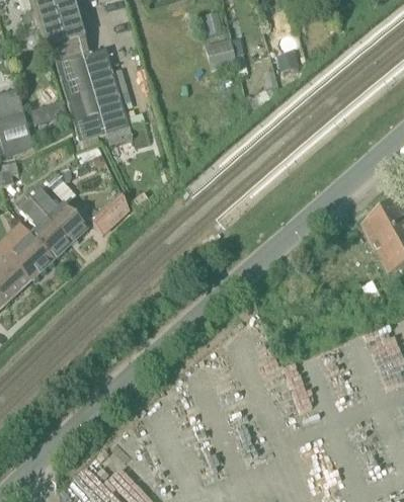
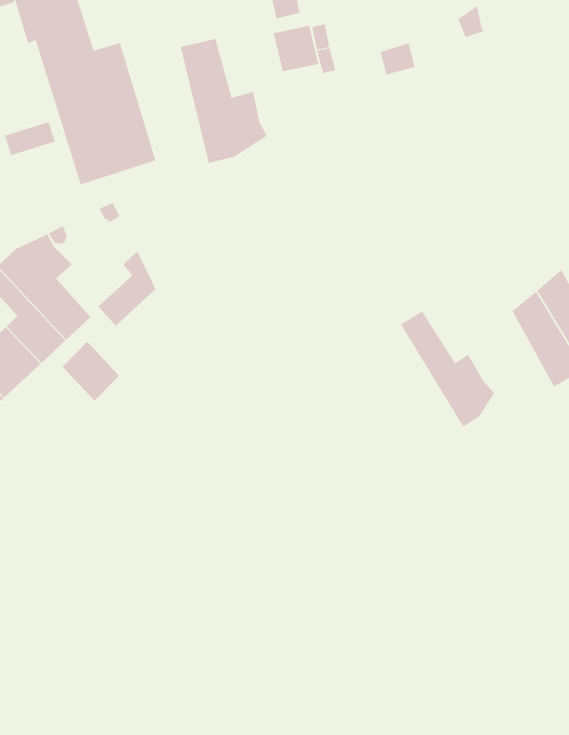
building: none -> [180,38,268,164]
building: none -> [400,311,495,428]
building: none -> [62,341,120,402]

